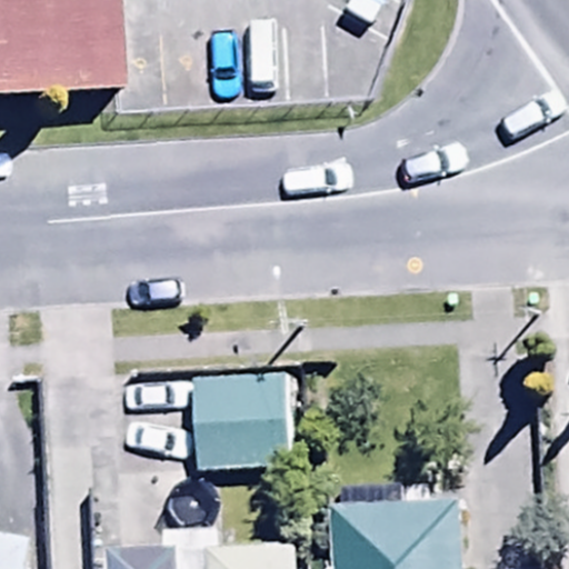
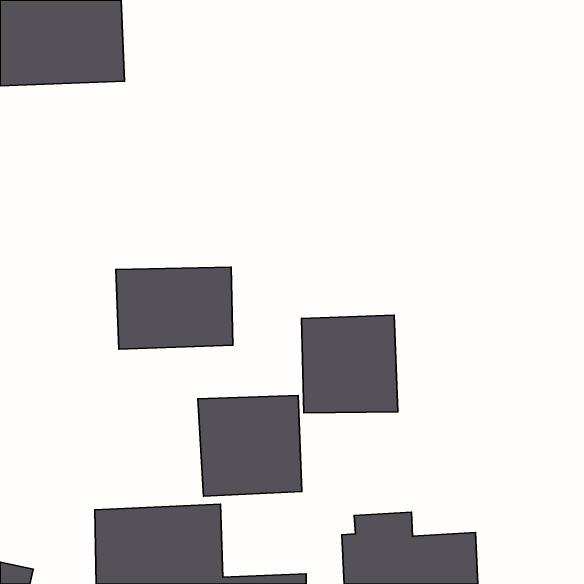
building: none -> [116,267,233,349]
building: none -> [302,315,398,413]

